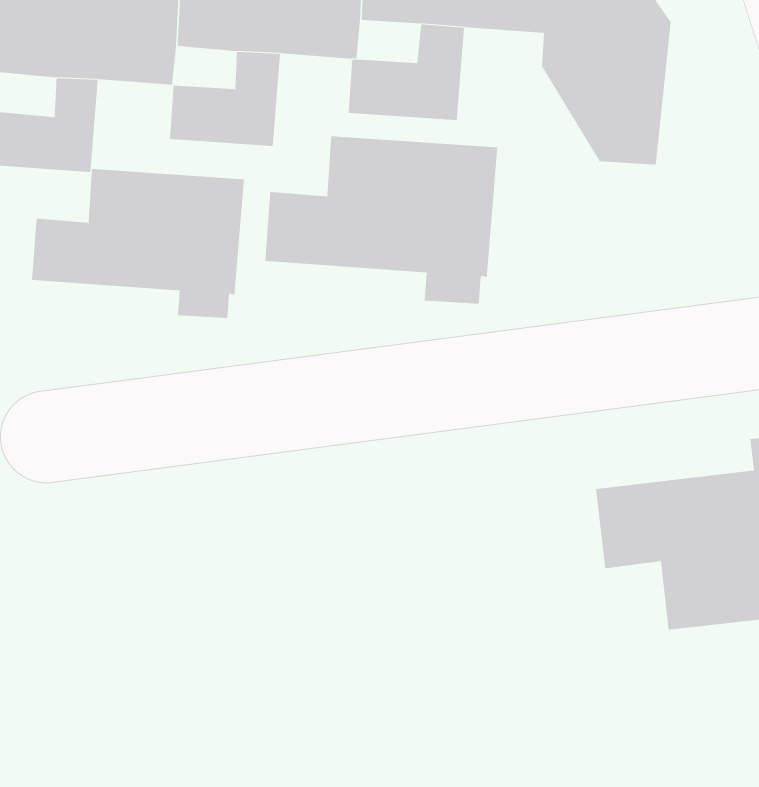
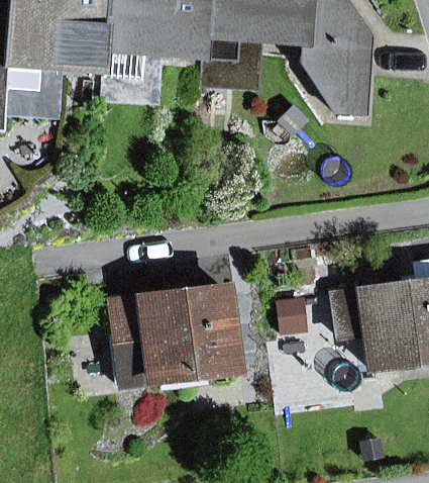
building: [265,135,498,304] -> none
building: [32,168,244,319] -> none
building: none -> [110,283,235,383]

